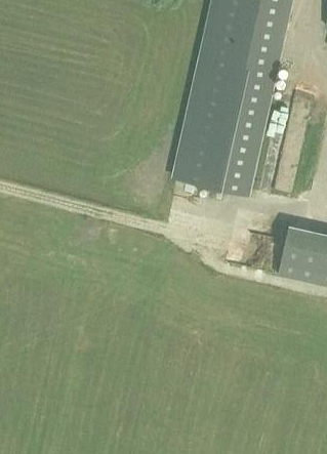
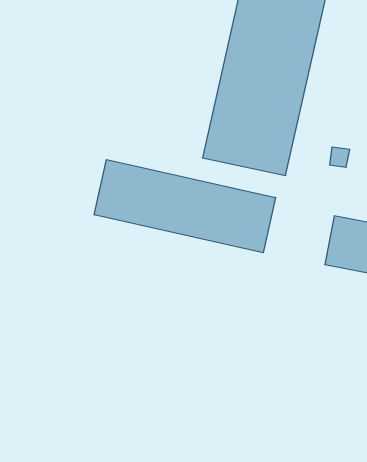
building: none -> [94,160,276,253]

